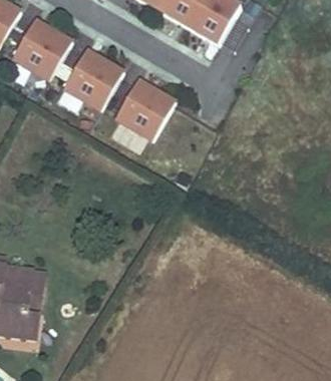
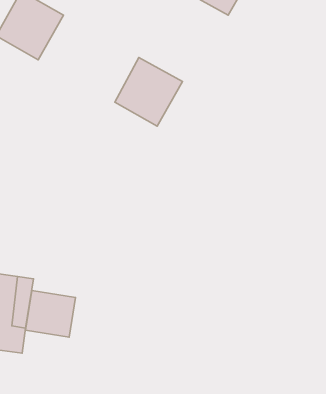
building: [64,48,123,108] -> none
building: none -> [25,290,75,337]

